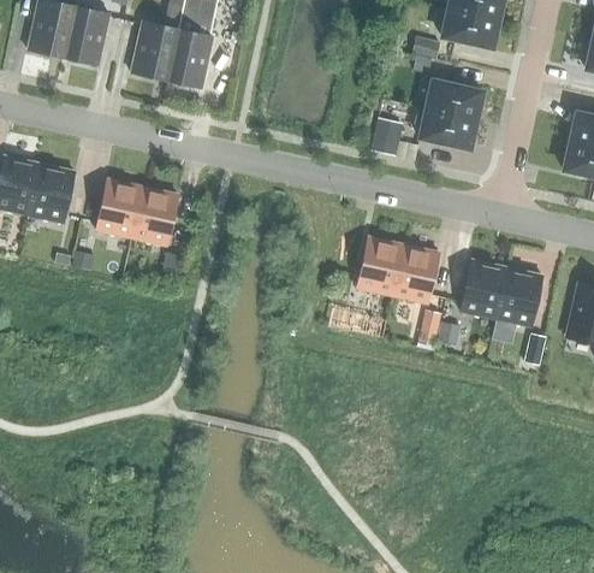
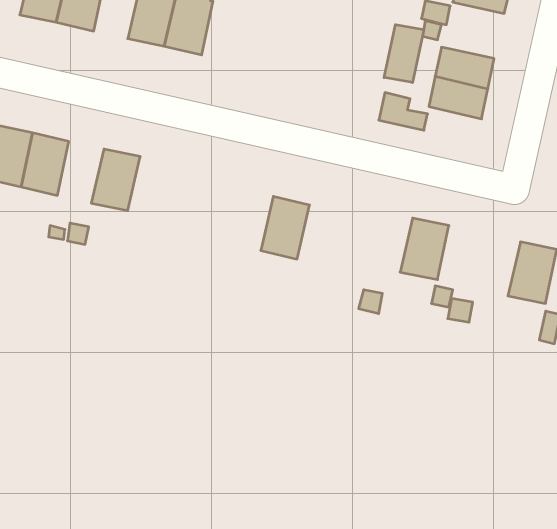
building: none -> [384,25,424,83]
building: [131,185,178,246] -> none
building: [357,236,404,296] -> [261,196,310,259]
building: [461,259,507,319] -> none

